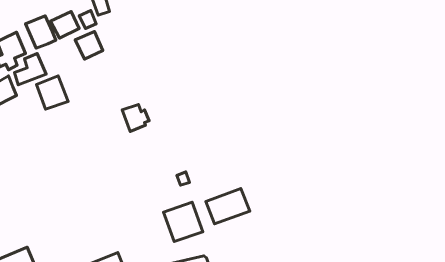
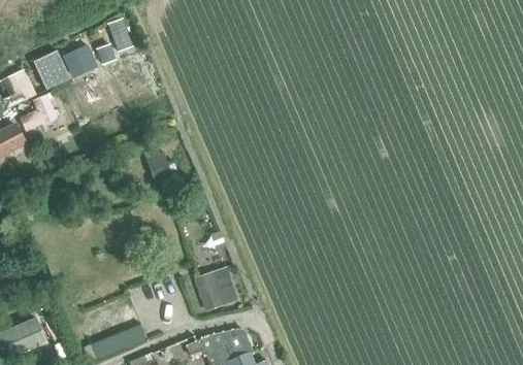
building: [75,32,103,59] -> none
building: [36,76,68,109] -> none
building: [206,189,250,224] -> none

